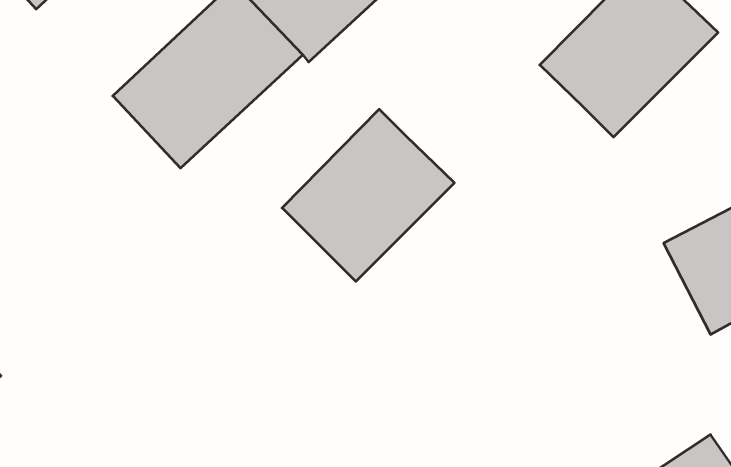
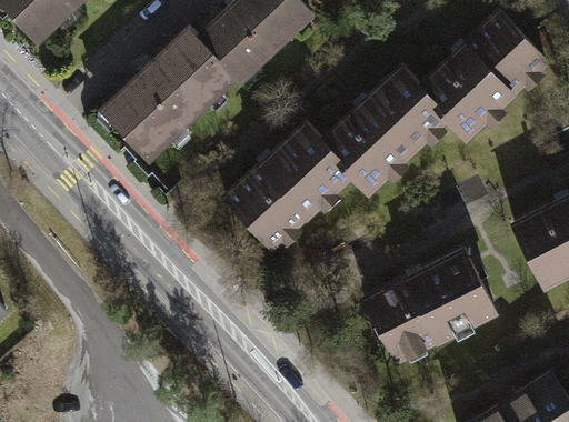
building: none -> [316,63,449,197]
building: none -> [361,247,498,369]

